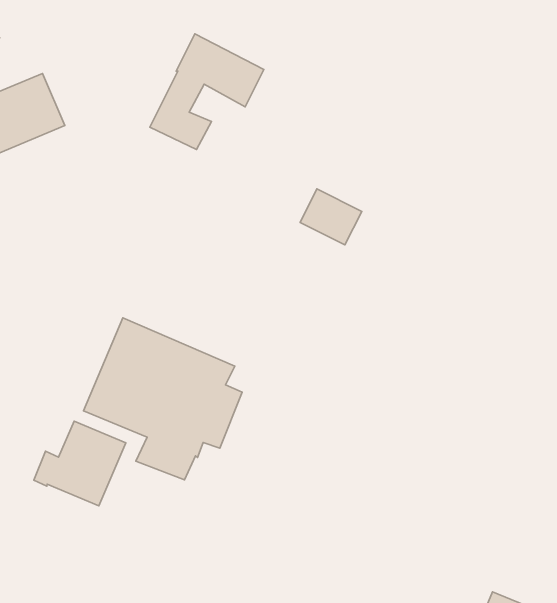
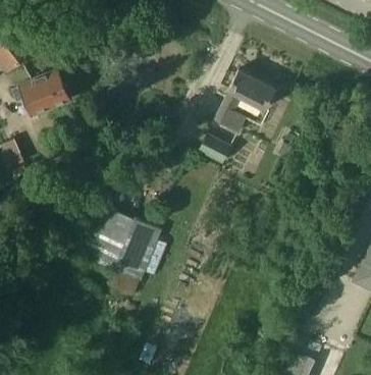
building: [150,34,264,150] -> [213,69,275,132]
building: [34,421,126,506] -> none

